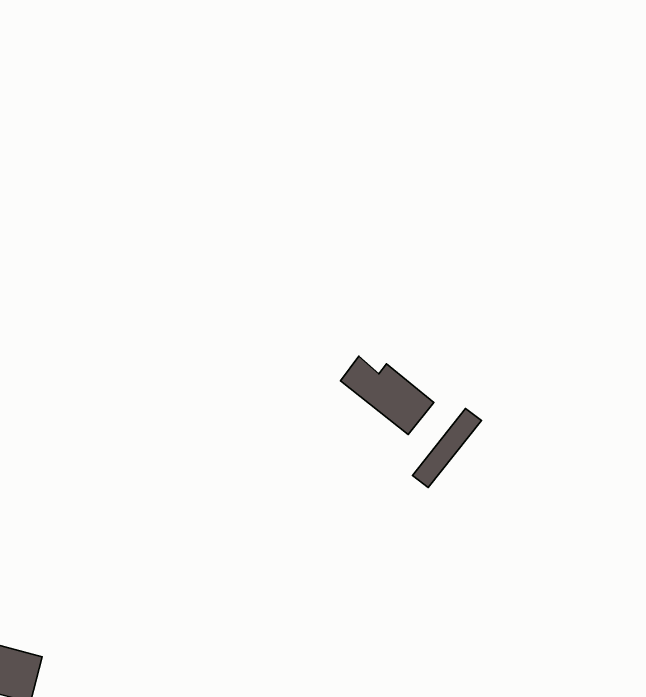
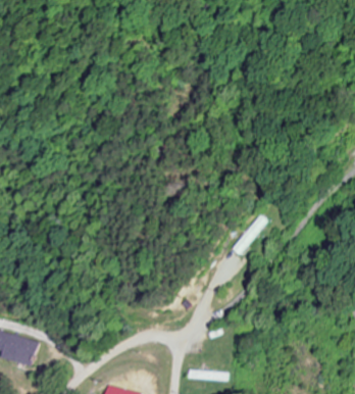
building: [340,356,434,434] -> none

